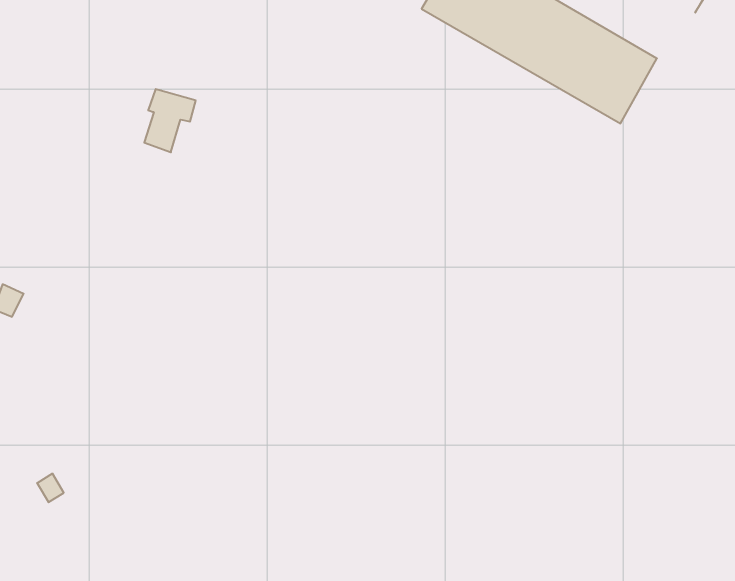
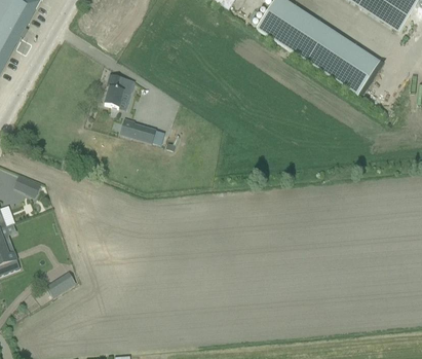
building: none -> [120,118,156,143]

